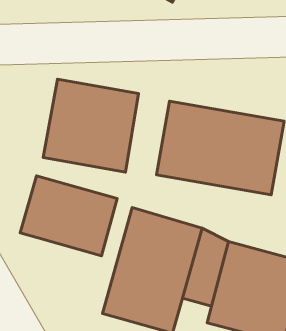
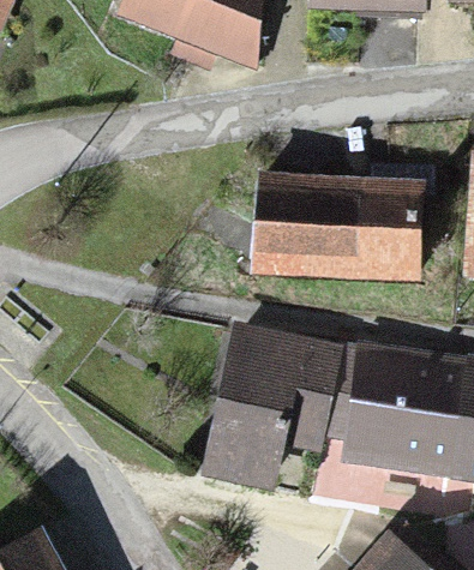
building: [43,79,139,172] -> none
building: [20,176,117,256] -> none

